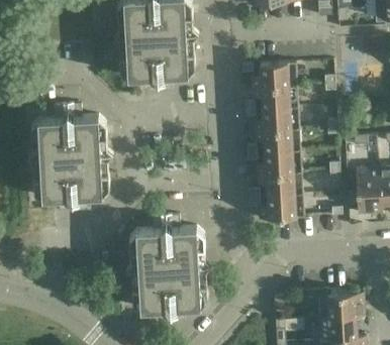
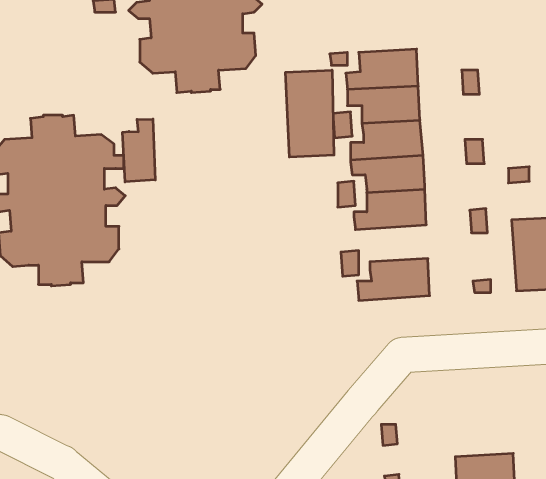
building: none -> [286,70,334,157]
building: none -> [123,119,155,182]
building: [258,172,303,196] -> none
building: [126,215,211,322] -> none
building: [319,293,365,318] -> none

